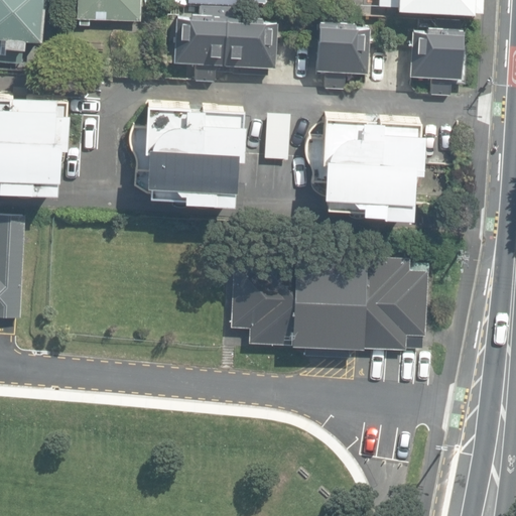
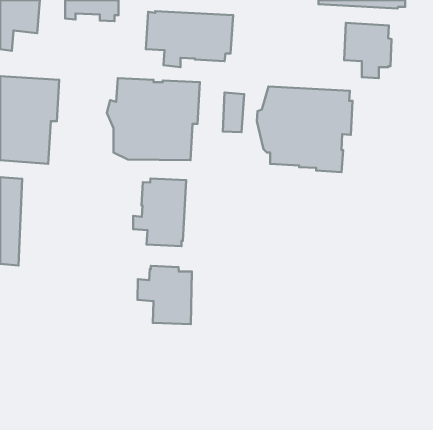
building: [315,25,369,91] -> none
building: none -> [133,178,186,246]
building: [231,254,427,358] -> none
building: none -> [137,266,192,324]

